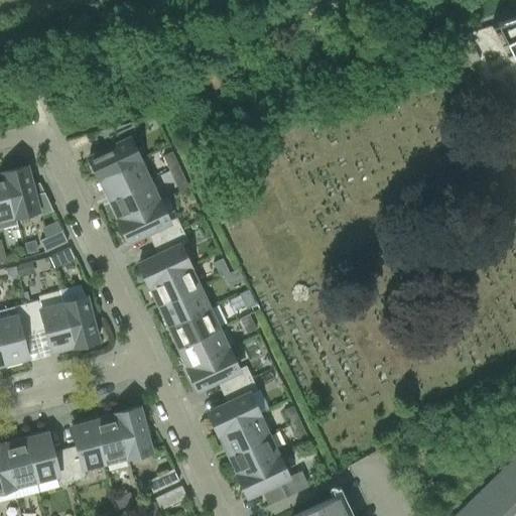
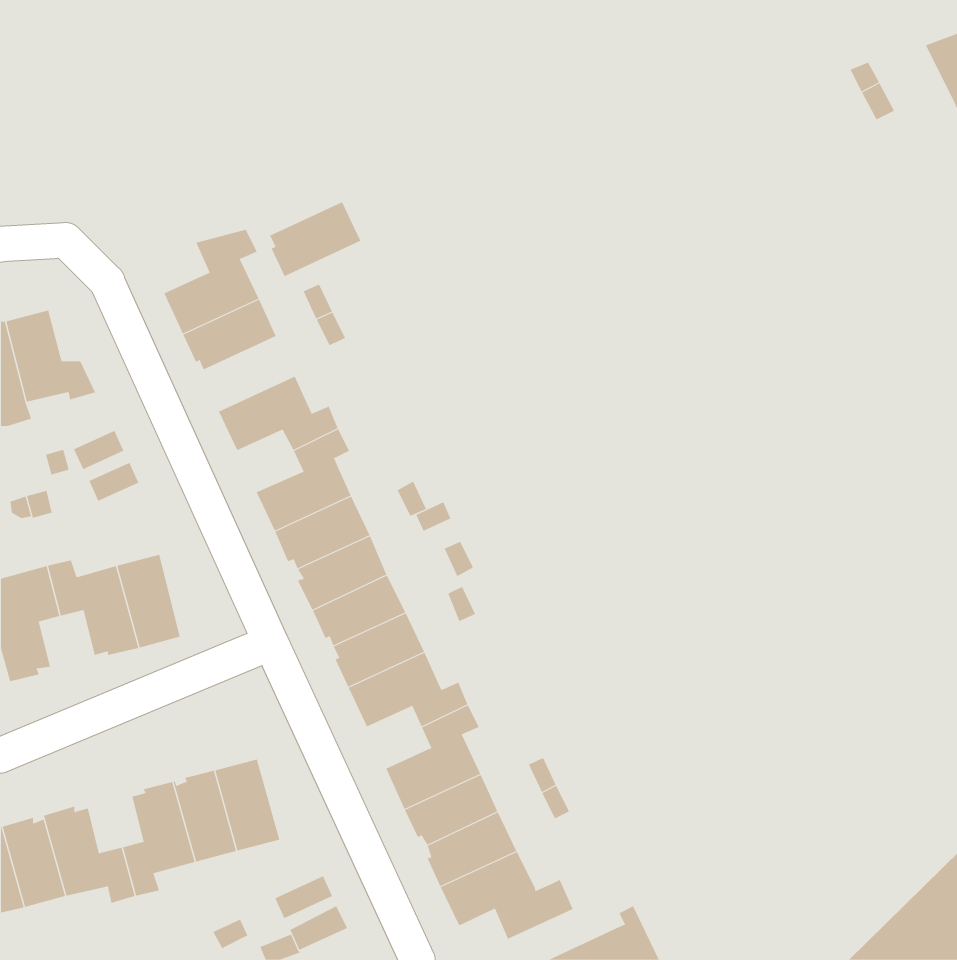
building: [111,180,160,221] -> [269,202,361,277]

